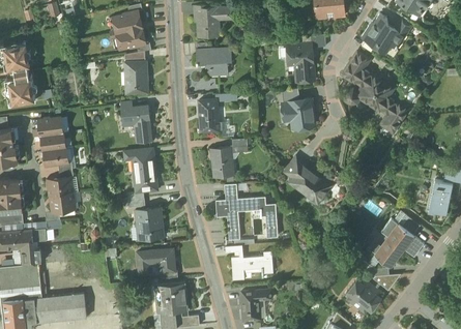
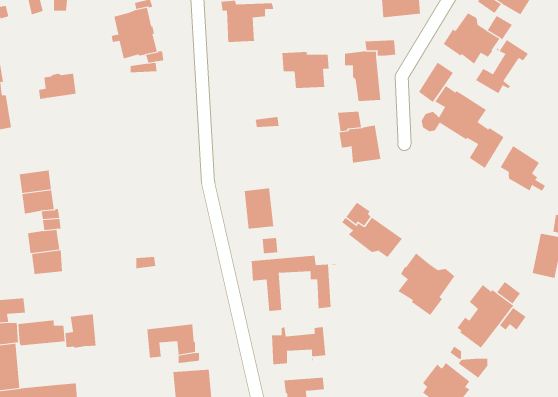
building: none -> [475,39,529,94]
building: [196,48,232,77] -> [281,50,329,88]
building: [125,62,148,94] -> none
building: [199,100,219,132] -> none
building: [121,101,152,143] -> none
building: none -> [500,145,546,192]
building: [34,118,63,138] -> [38,73,76,99]
building: [124,149,159,192] -> none
building: none -> [398,253,455,316]
building: [136,208,164,240] -> none
building: none -> [65,314,96,348]

